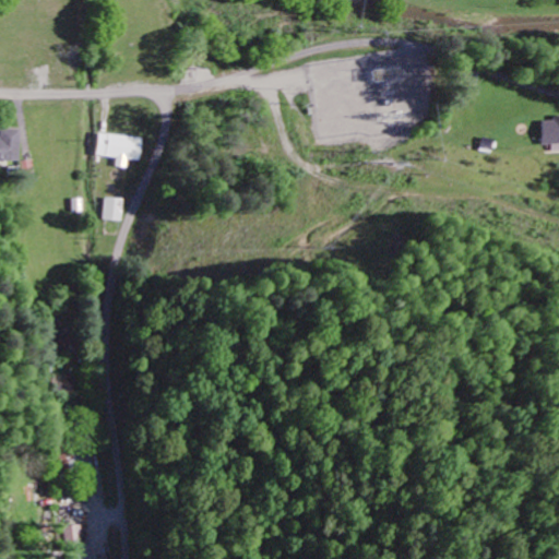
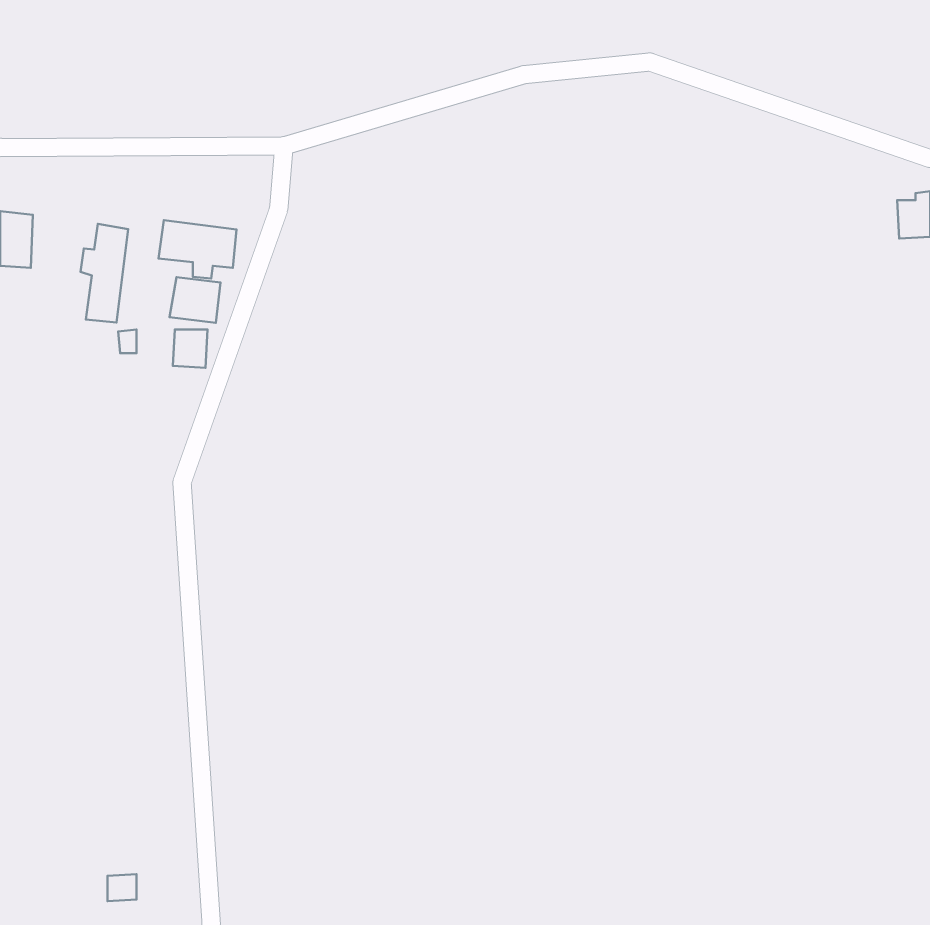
building: none -> [81,224,128,323]
building: none -> [170,277,221,323]

